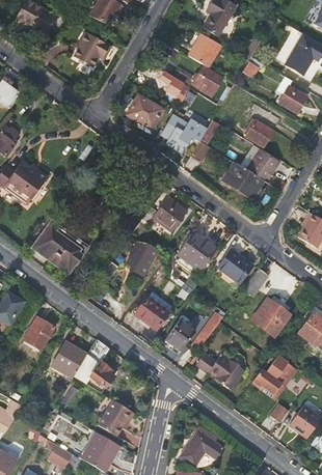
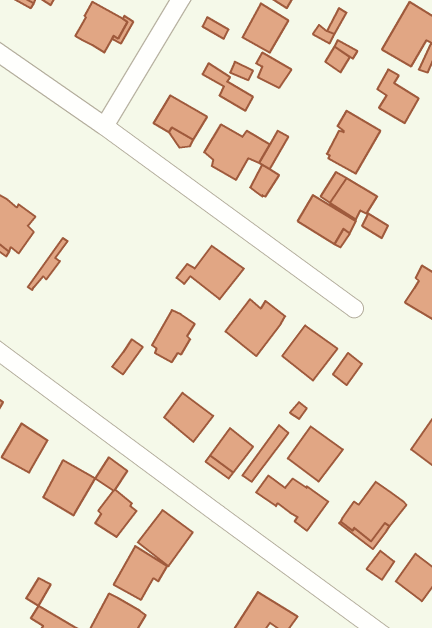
building: [32,226,79,274] -> none
building: [252,299,290,336] -> [288,426,343,482]
building: none -> [138,510,193,566]

